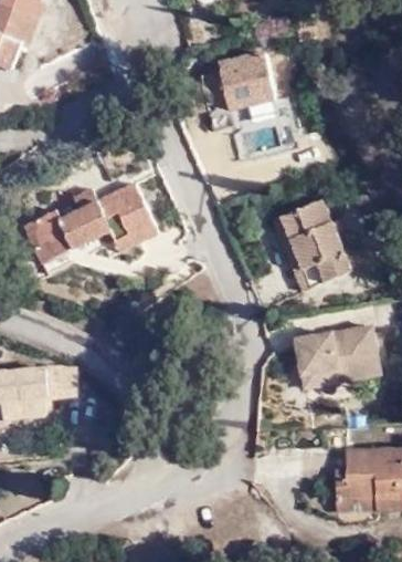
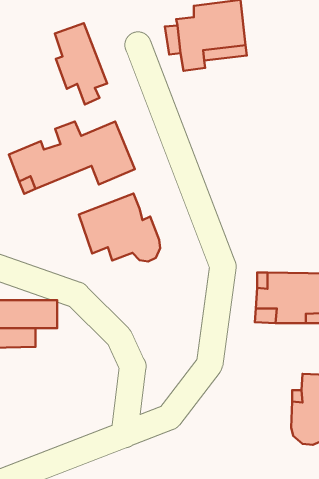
building: none -> [55,23,107,104]
building: [278,202,343,292] -> none
building: none -> [79,193,160,262]

